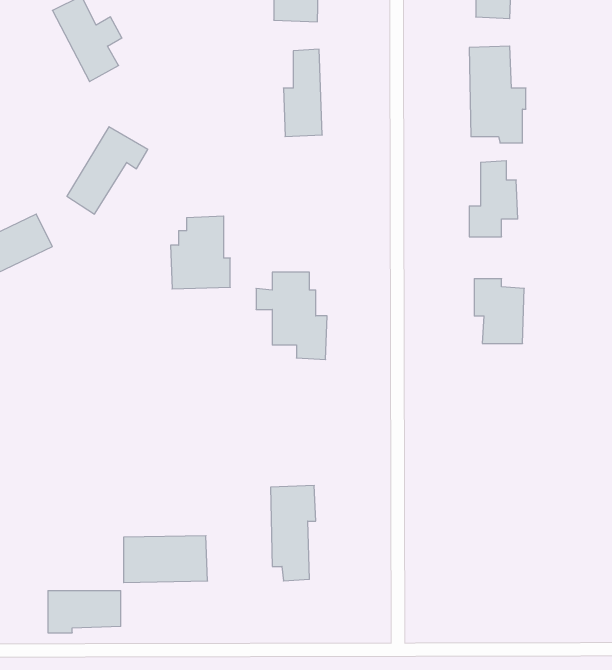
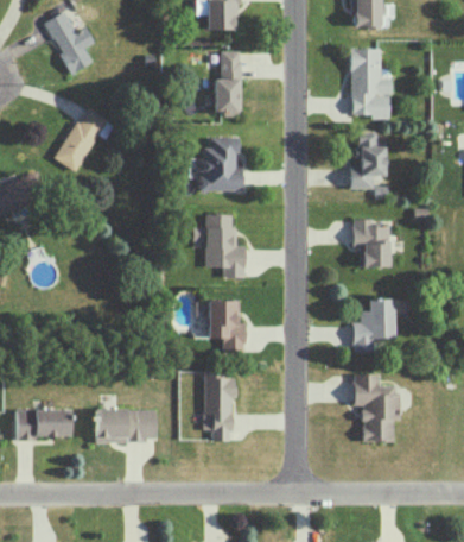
building: [171,216,230,289] -> [198,137,242,190]
building: none -> [354,298,395,352]
building: none -> [208,300,246,352]
building: none -> [354,373,399,441]
building: [48,591,121,633] -> [18,409,71,440]

